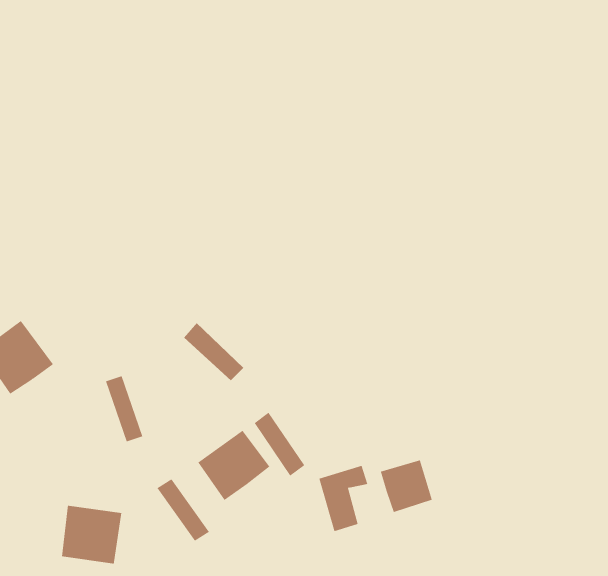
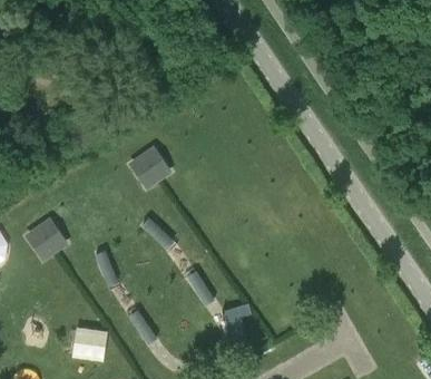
building: none -> [128,146,173,190]
building: [197,430,270,501] -> none
building: [380,459,432,513] -> none

